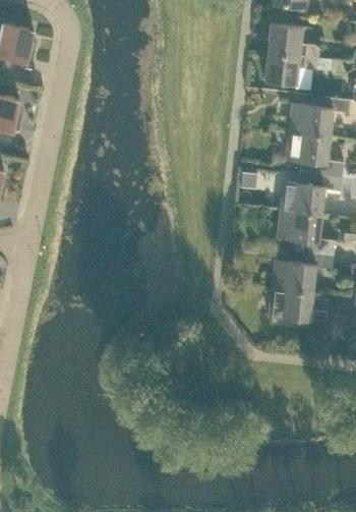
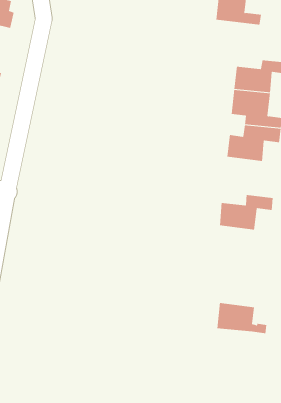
building: [263,51,331,83] -> none
building: [276,208,334,254] -> none
building: [268,286,325,322] -> [216,303,267,334]

